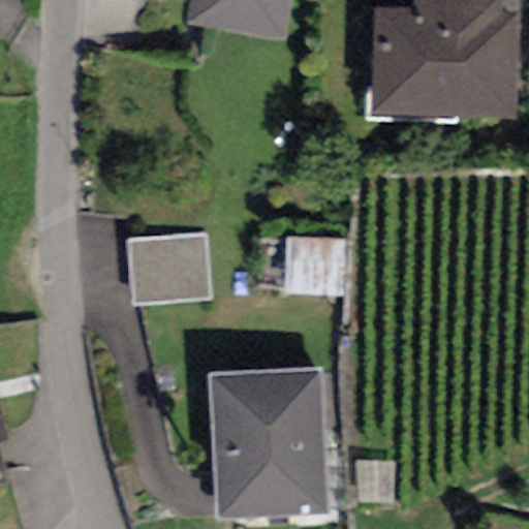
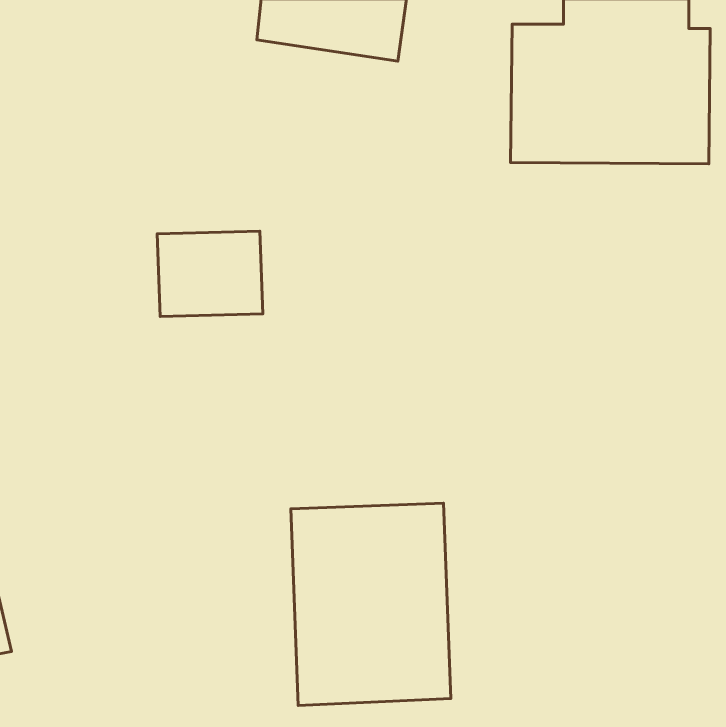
building: [129,236,206,298] -> [157,231,263,317]
building: [285,238,347,294] -> none

